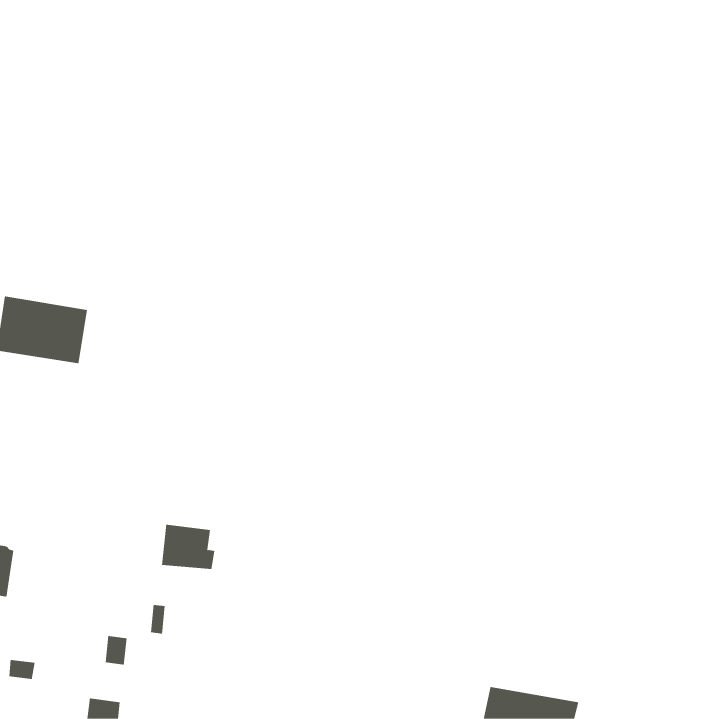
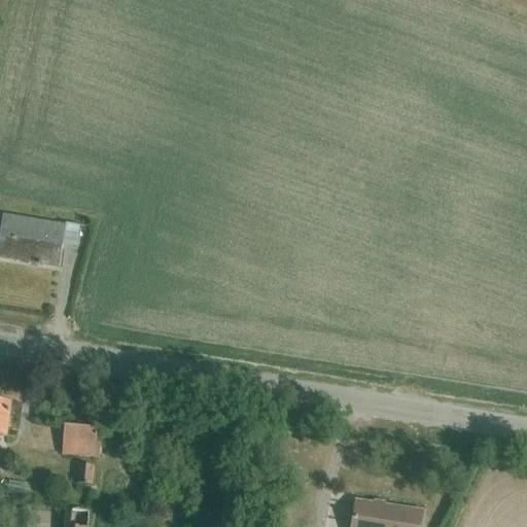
building: [161,524,215,569] -> [61,423,100,456]

